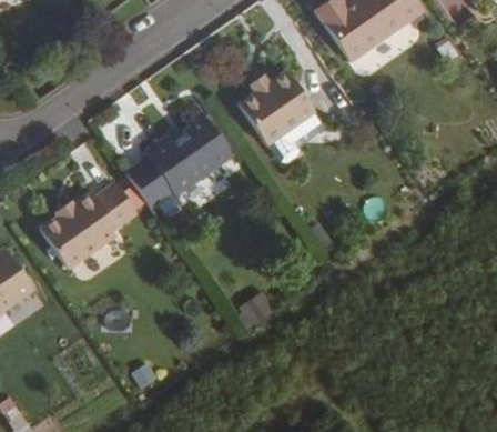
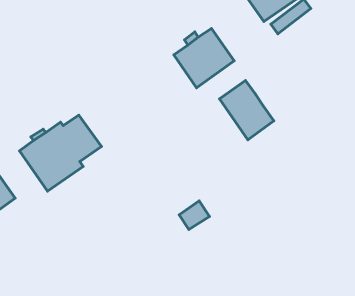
building: [123,115,231,203] -> none
building: none -> [219,80,274,140]

